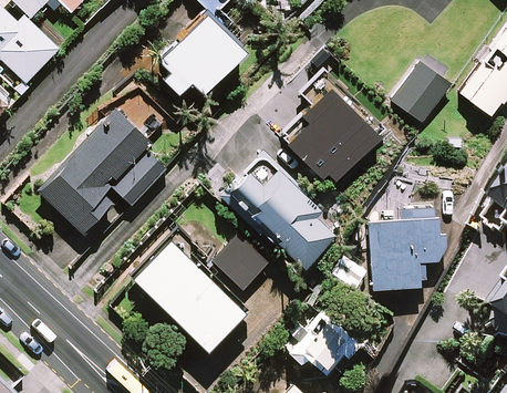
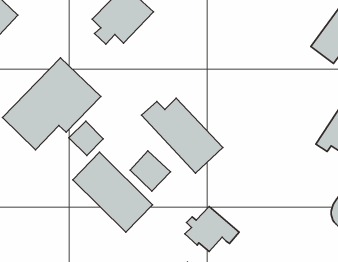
building: [391,63,449,124] -> none
building: [280,68,389,176] -> none
building: none -> [69,121,103,156]
building: [369,208,445,288] -> none

